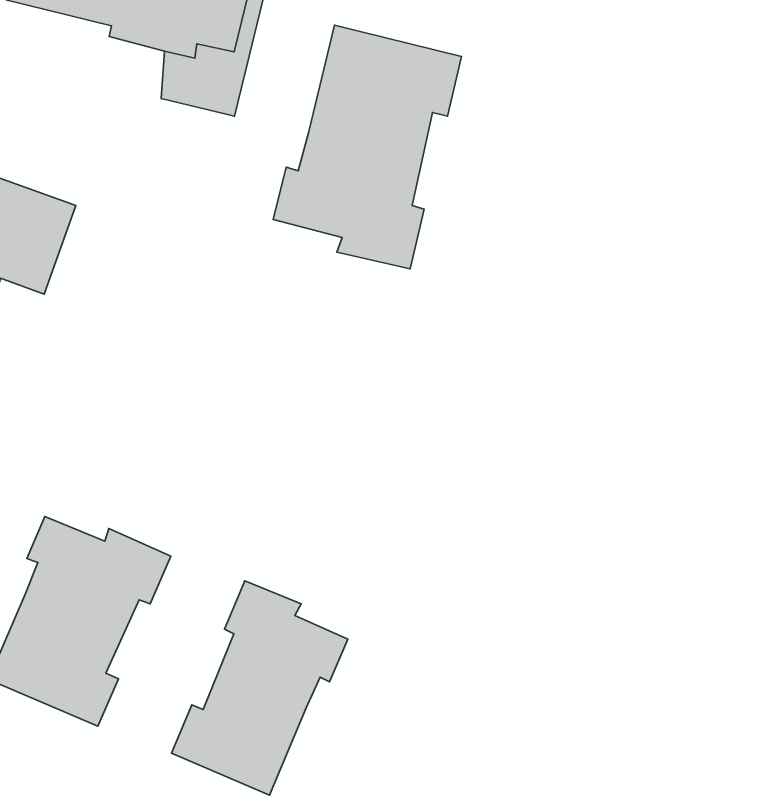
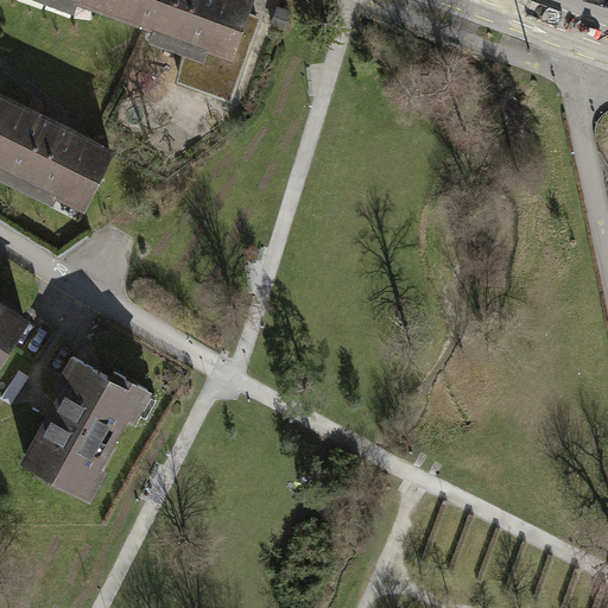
building: [273,25,462,269] -> none
building: [172,581,348,795] -> none

